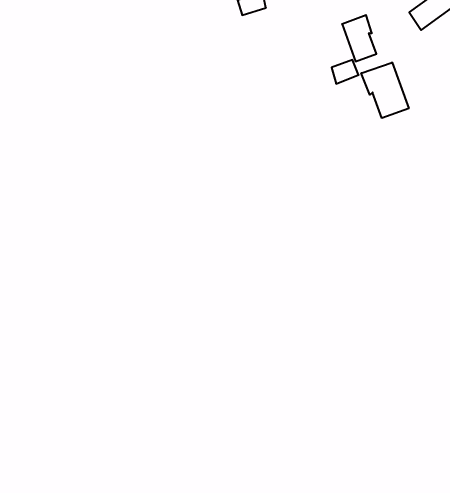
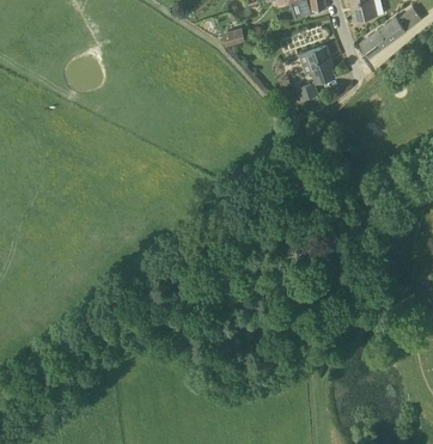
building: [361,62,409,118] -> none

